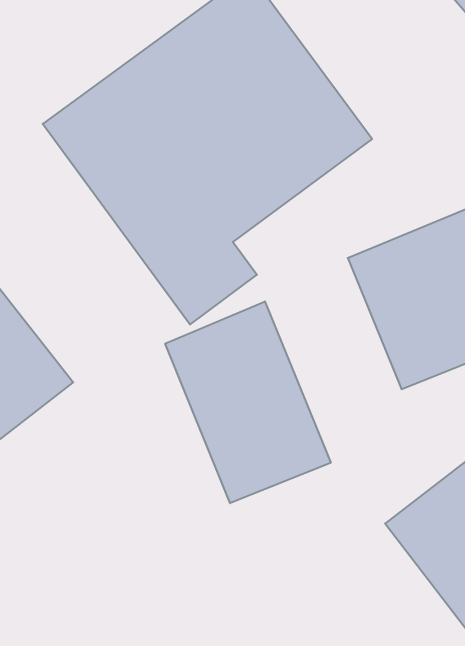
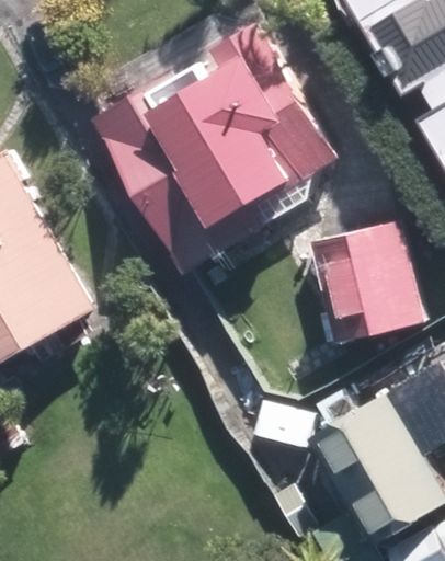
building: [165,301,331,503] -> none

